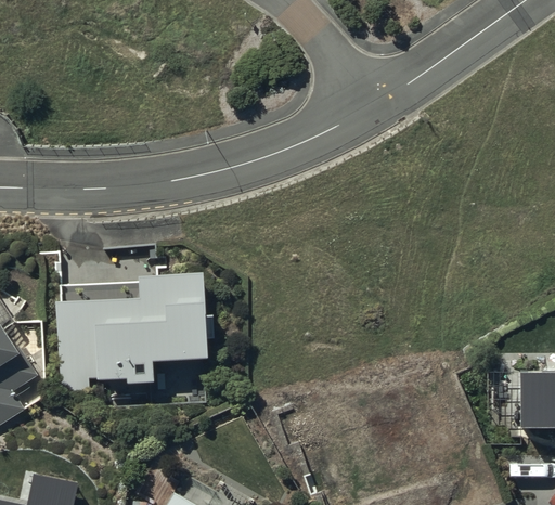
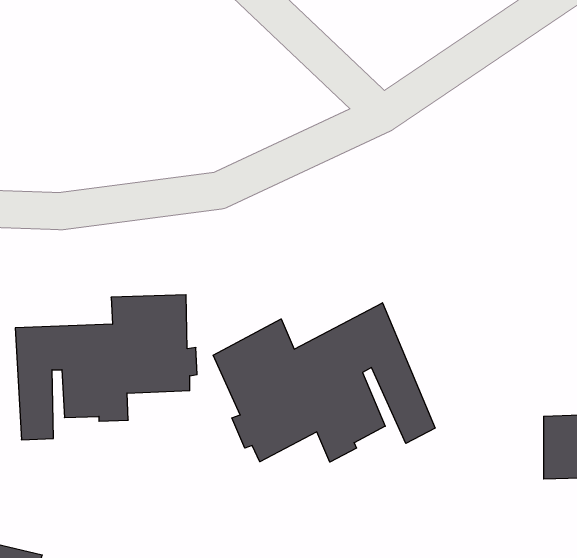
building: none -> [213,303,435,462]

